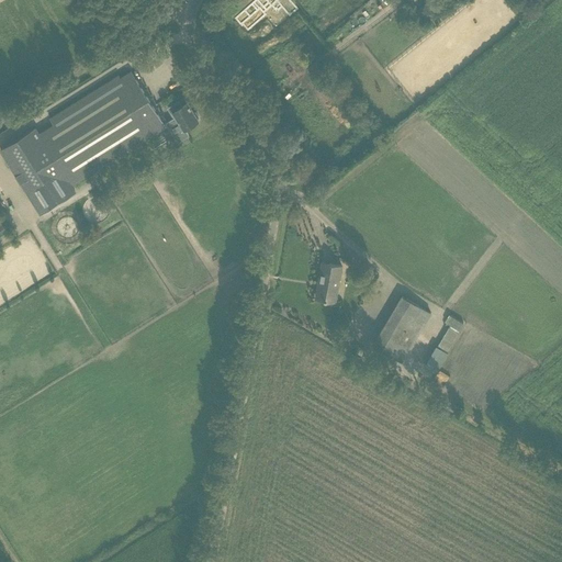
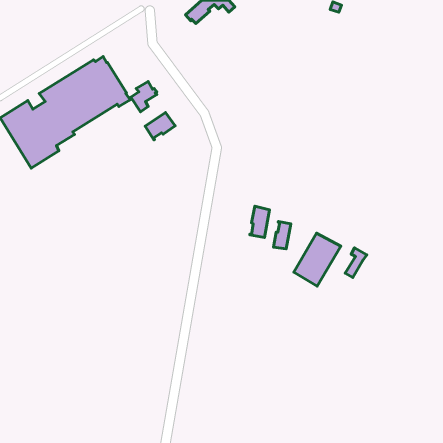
building: none -> [145,112,175,140]
building: none -> [274,222,291,249]

